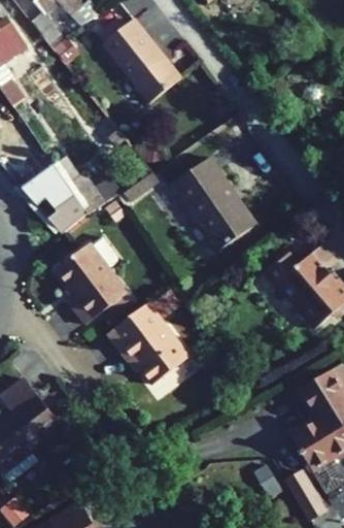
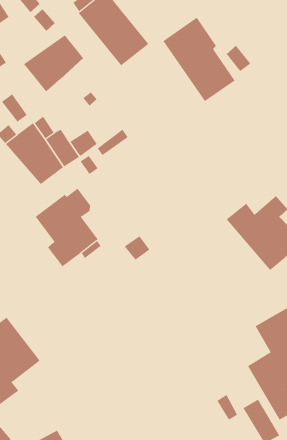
building: none -> [23,35,84,92]
building: [172,157,252,251] -> [163,17,236,102]
building: [107,302,188,384] -> none

